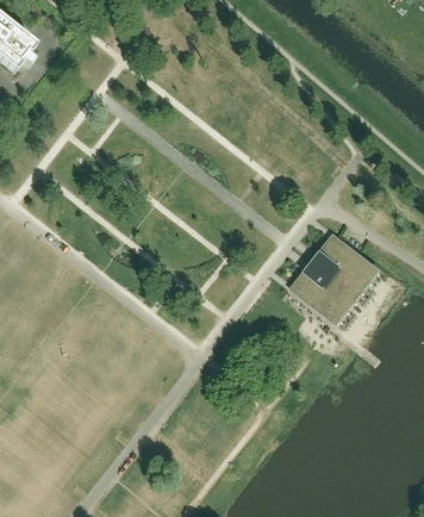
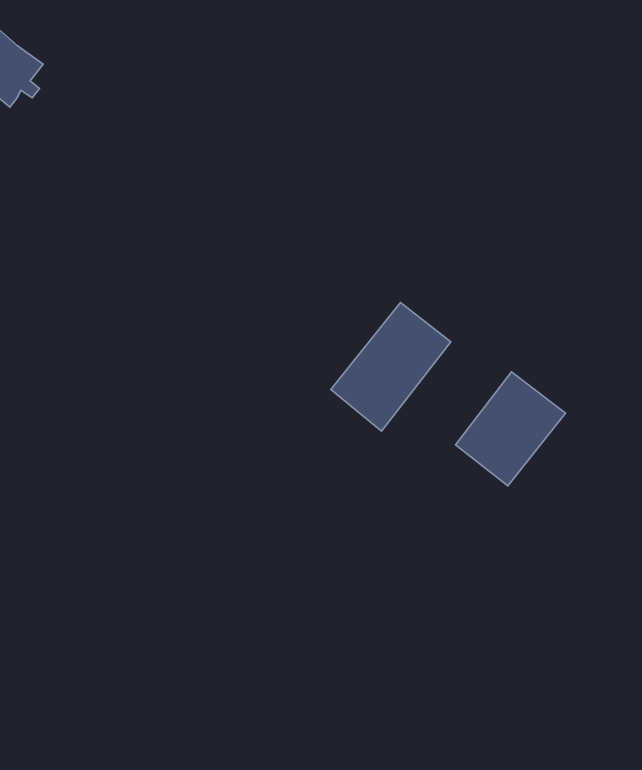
building: none -> [331,302,451,431]

